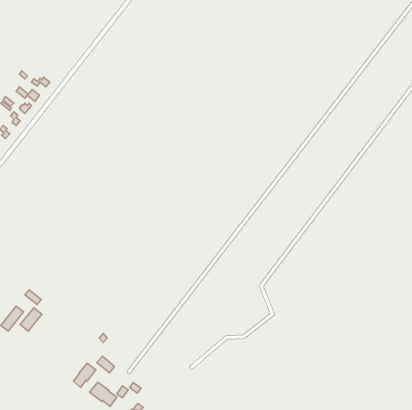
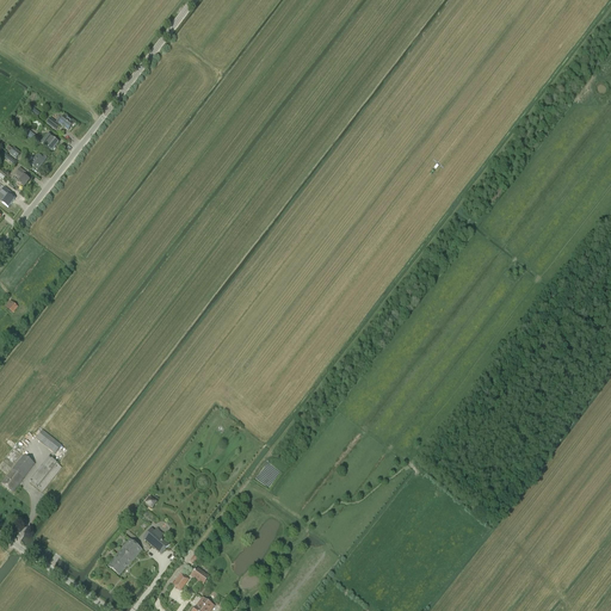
building: [90,382,117,407] -> none

